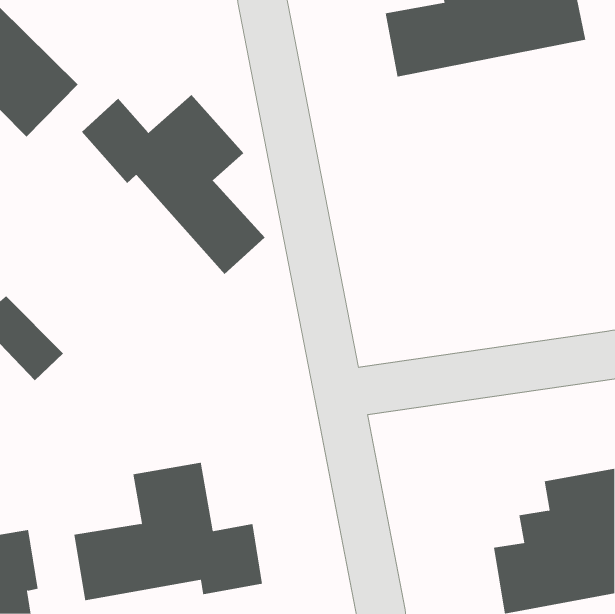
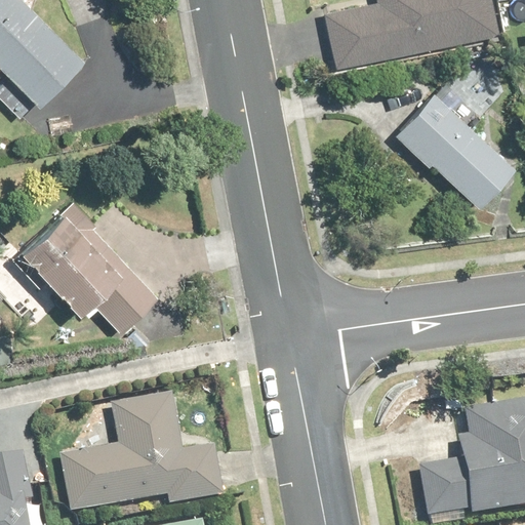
building: none -> [397,56,516,208]
building: [81,94,266,275] -> none
building: none -> [24,205,155,328]

